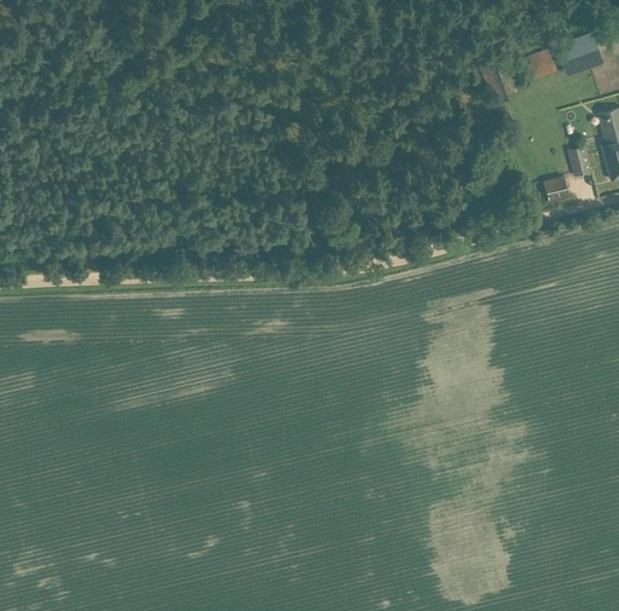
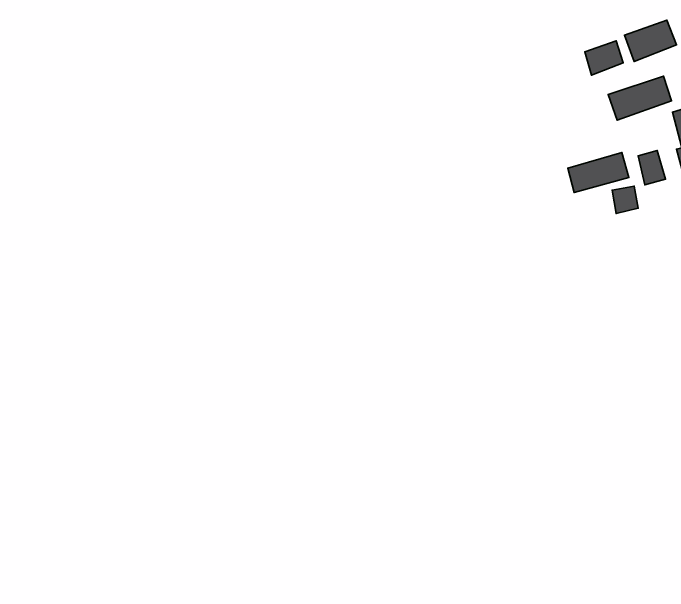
building: none -> [608,76,671,120]
building: none -> [568,152,629,193]

